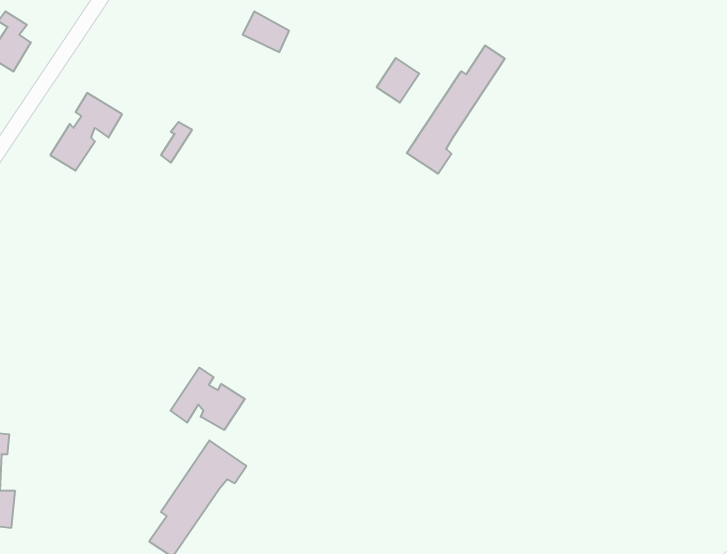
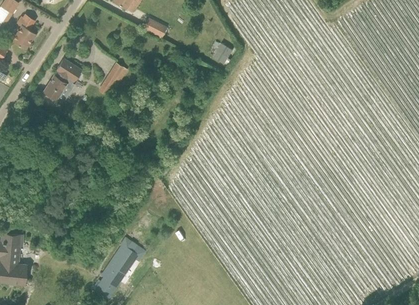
building: [407,45,505,174] -> none
building: [170,368,245,430] -> none

